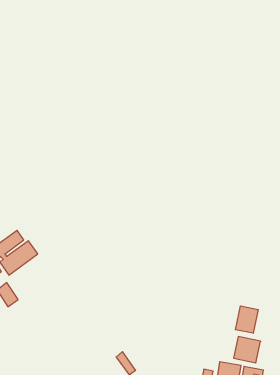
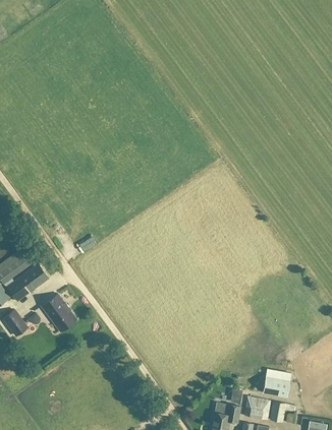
building: none -> [40,293,75,331]
building: [235,306,258,333] -> none

